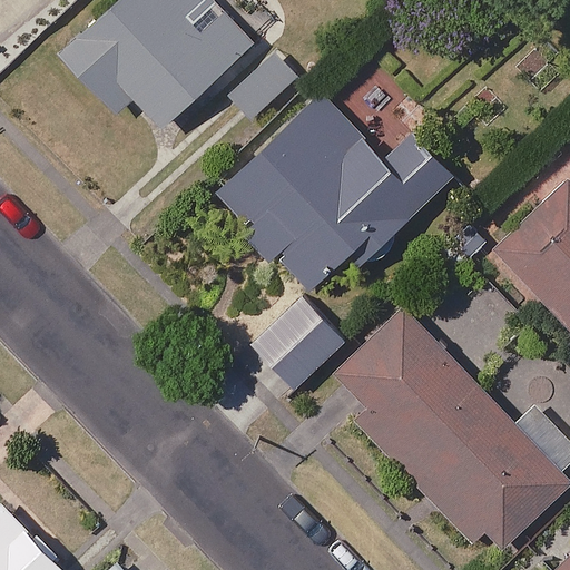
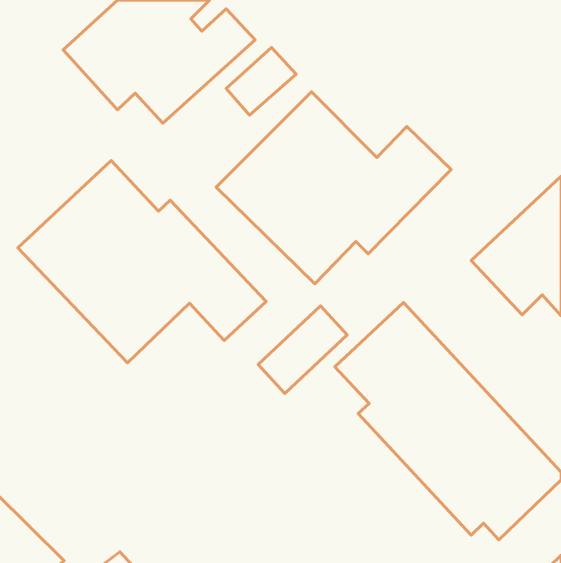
building: none -> [18,161,266,363]

